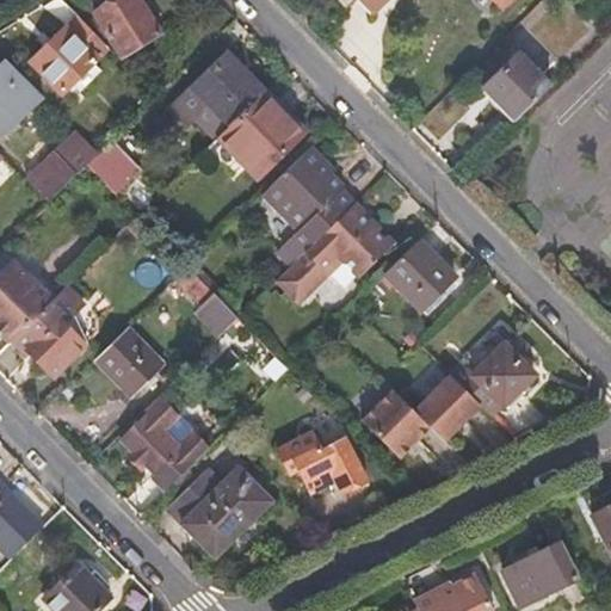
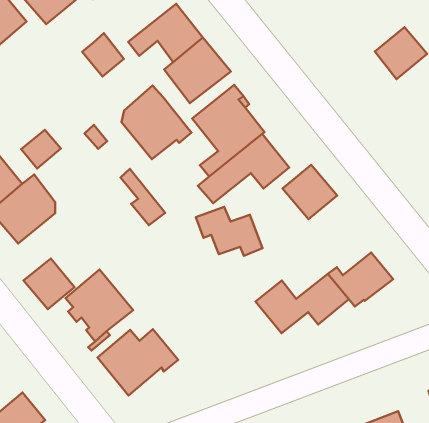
building: [87,138,141,193] -> [82,33,124,76]
building: [27,152,78,202] -> [21,130,61,169]
building: none -> [121,85,191,159]
building: [95,327,161,391] -> [23,259,74,309]
building: [277,430,365,490] -> [196,207,263,256]

